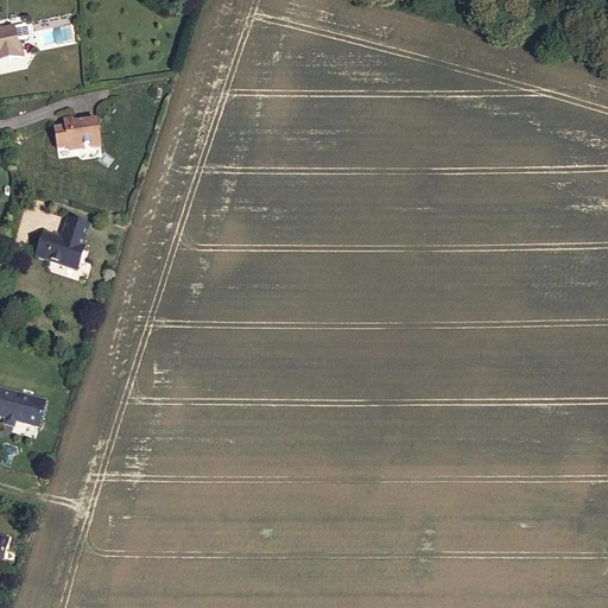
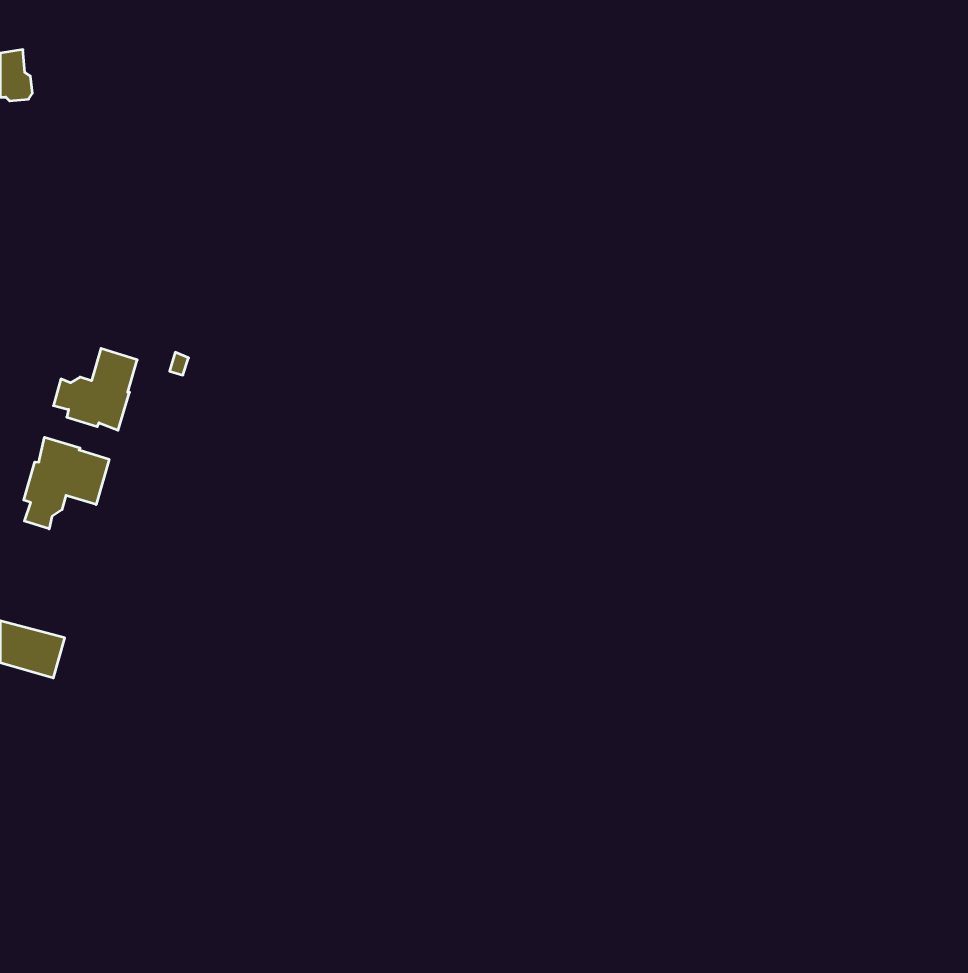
building: [50,119,95,151] -> none
building: none -> [24,437,109,529]

